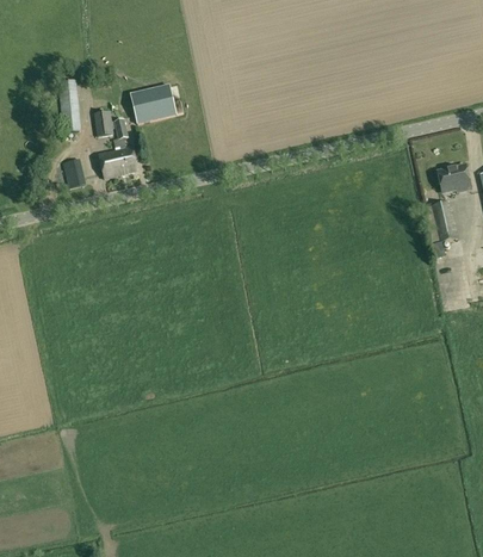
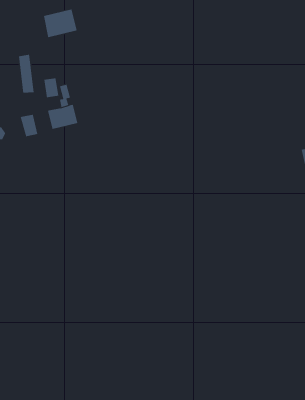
building: [131,85,177,123] -> [43,9,78,38]

